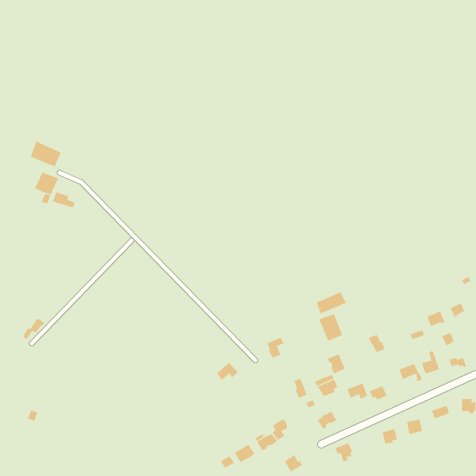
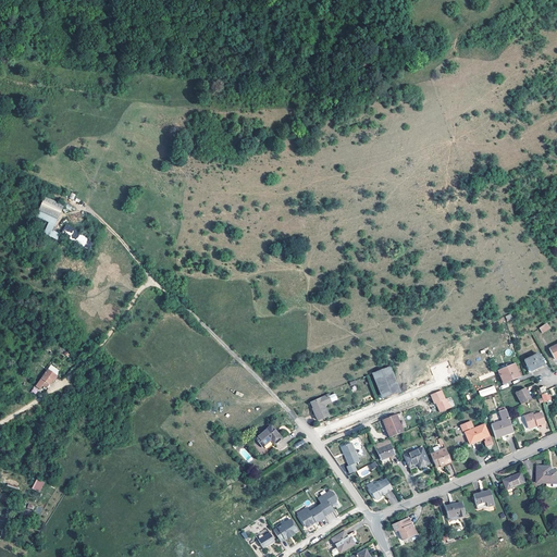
building: [30,141,62,167] -> none
building: [316,292,347,314] -> none

